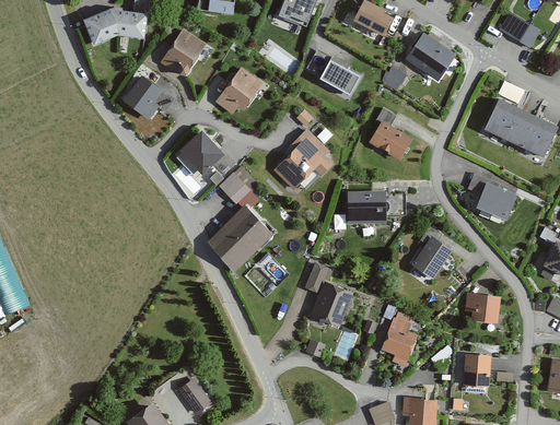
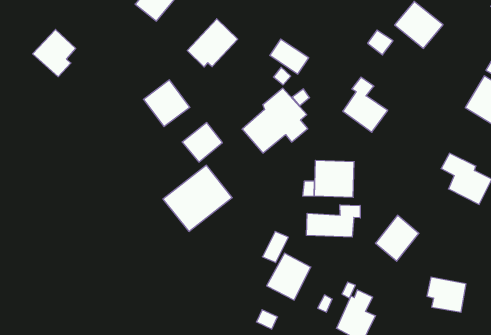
building: [324,58,361,90] -> [270,39,309,74]
building: [121,74,162,119] -> [33,29,76,77]
building: none -> [307,205,360,237]

